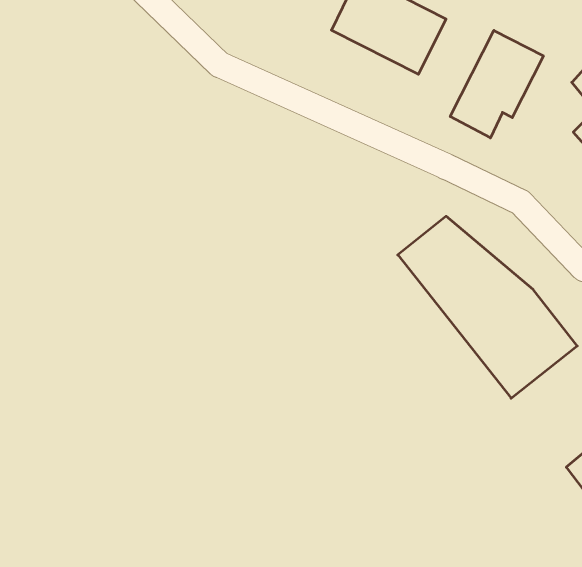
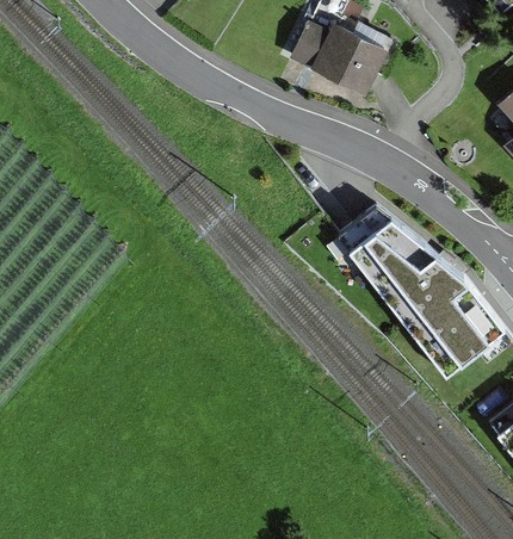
building: [450,30,543,138] -> none

